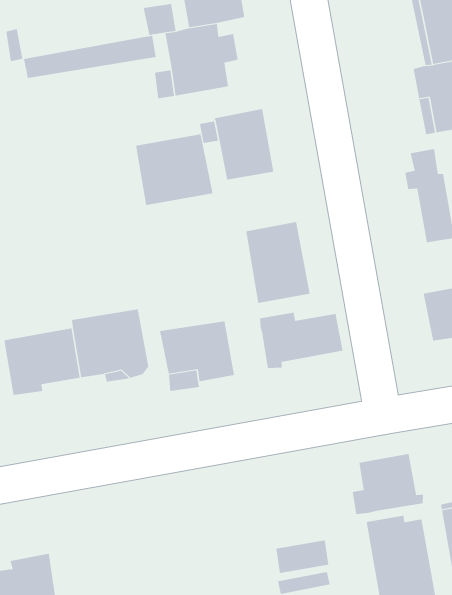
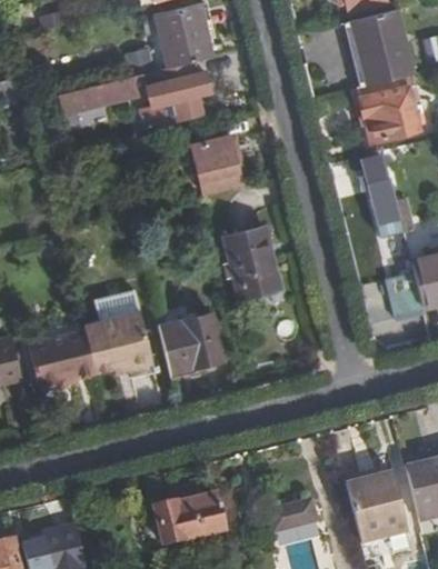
building: [135,134,213,206] -> none
building: [259,312,343,369] -> none
building: [352,453,424,515] -> none
building: none -> [155,490,226,545]

